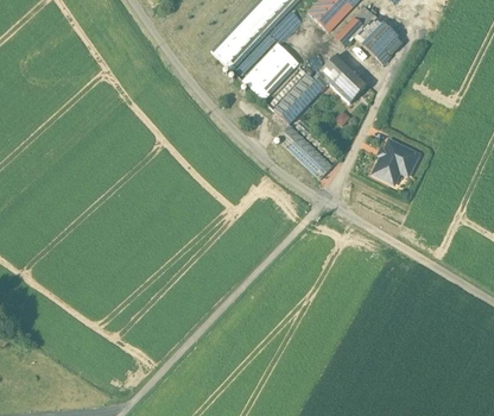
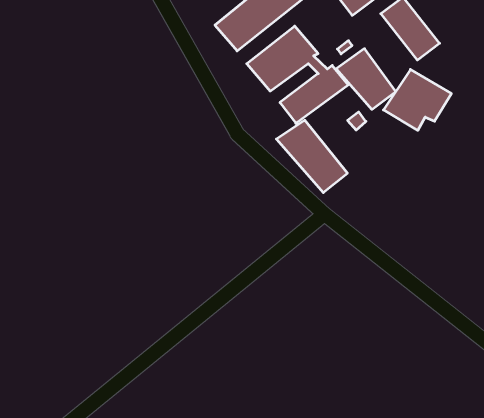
building: [367,139,422,189] -> [383,69,451,130]

